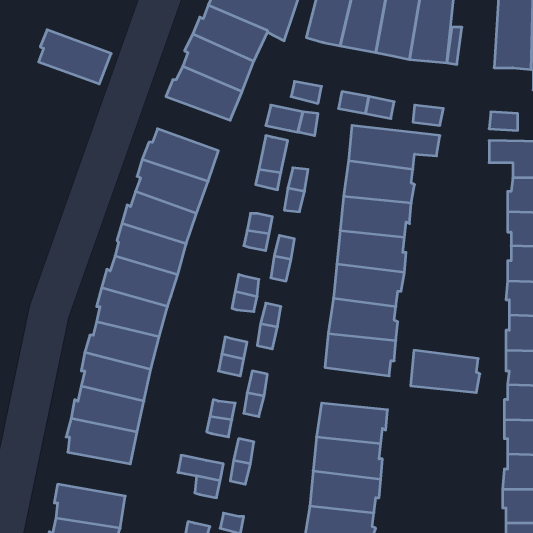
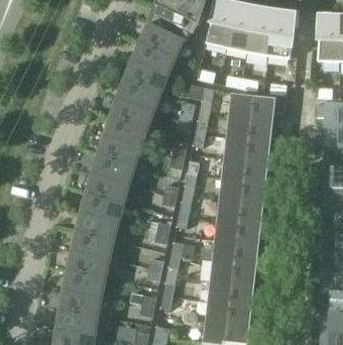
building: [39,30,111,84] -> [117,78,160,110]
building: [411,350,480,393] -> [215,239,256,264]
building: none -> [58,290,101,316]

